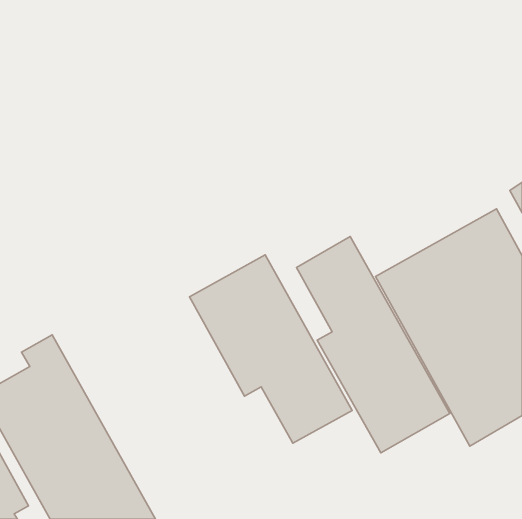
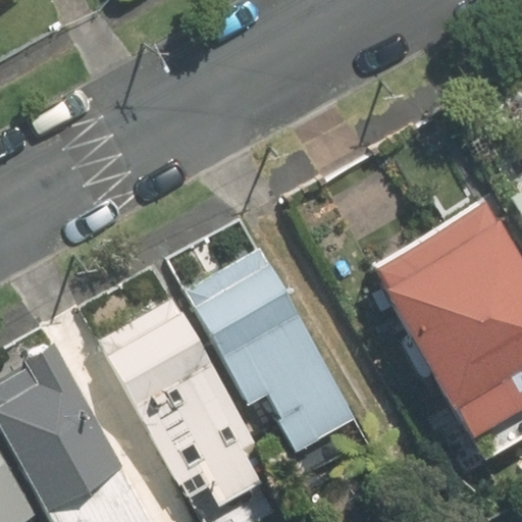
building: [296,237,450,453] -> none
building: none -> [100,302,260,497]

